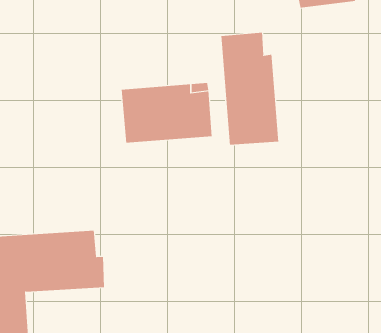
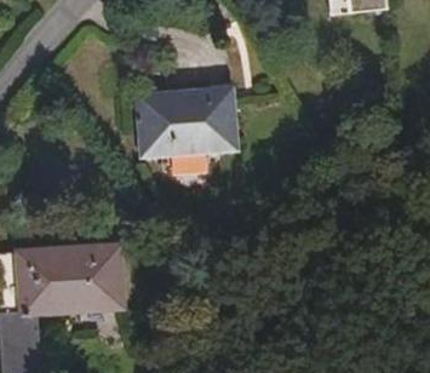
building: [221,32,279,146] -> none

